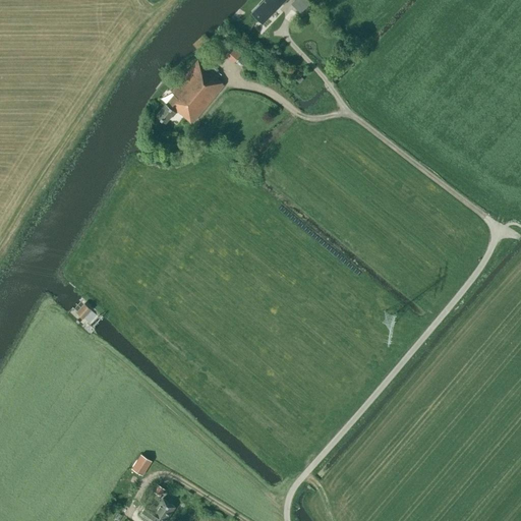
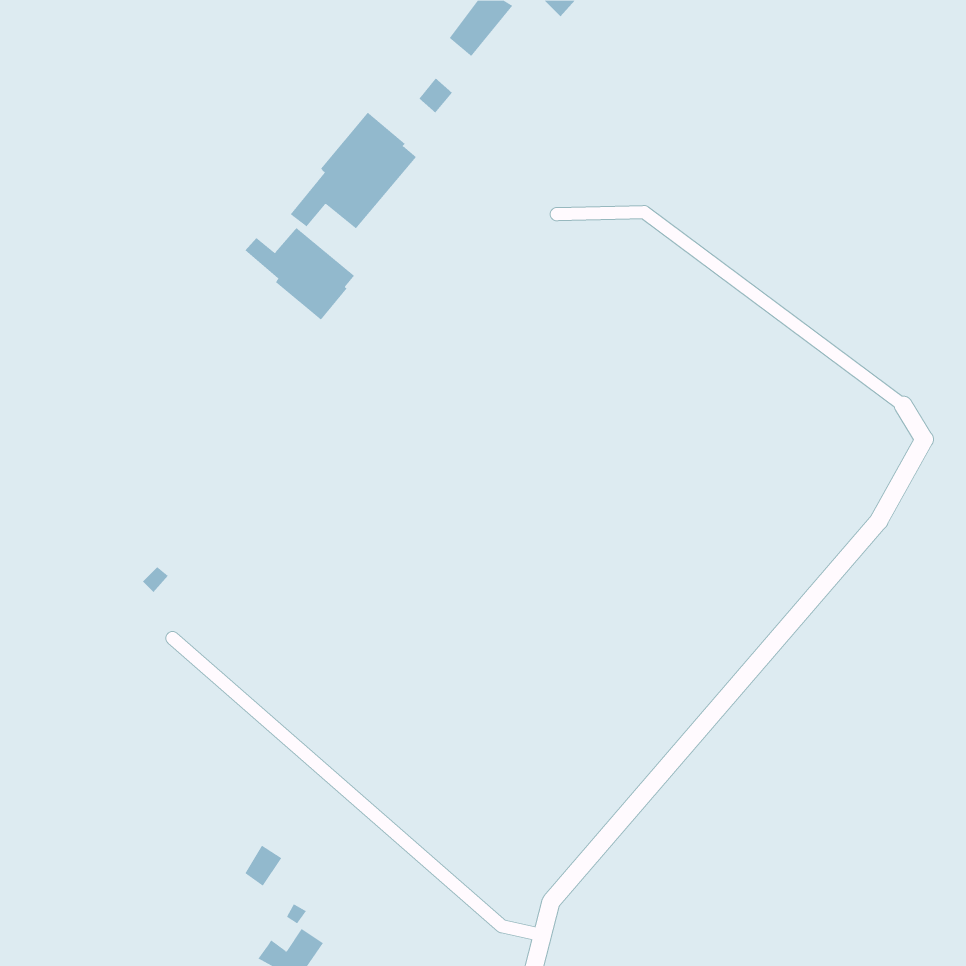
building: none -> [245,227,355,321]

